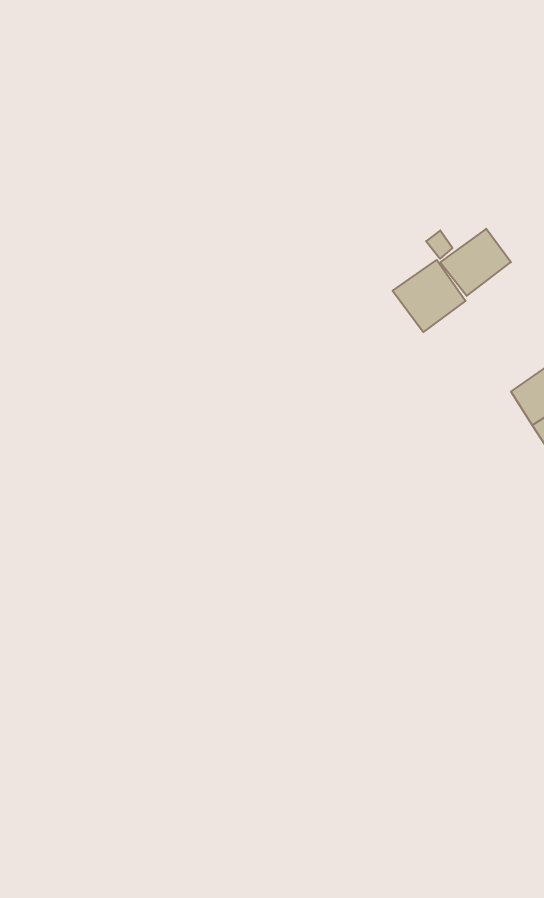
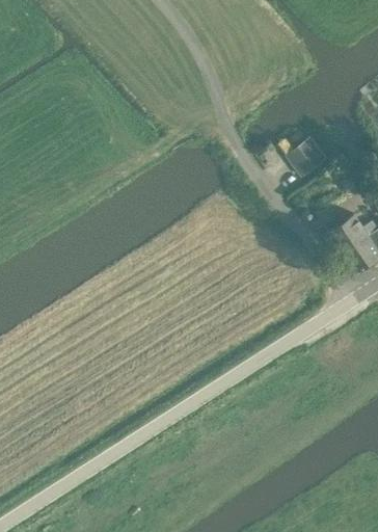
building: [393,260,466,332] -> none

